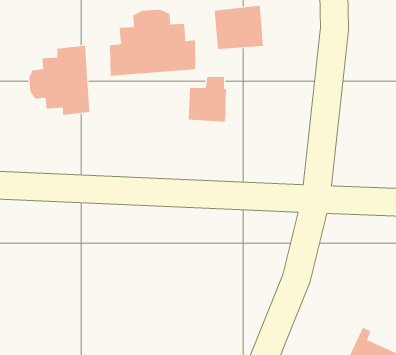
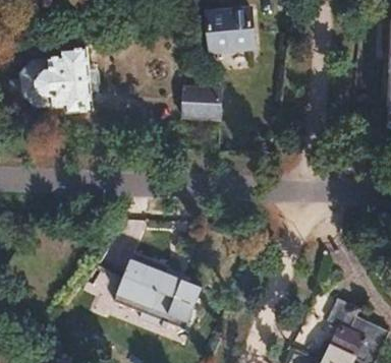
building: [109,9,196,76] -> none
building: none -> [122,242,211,324]

